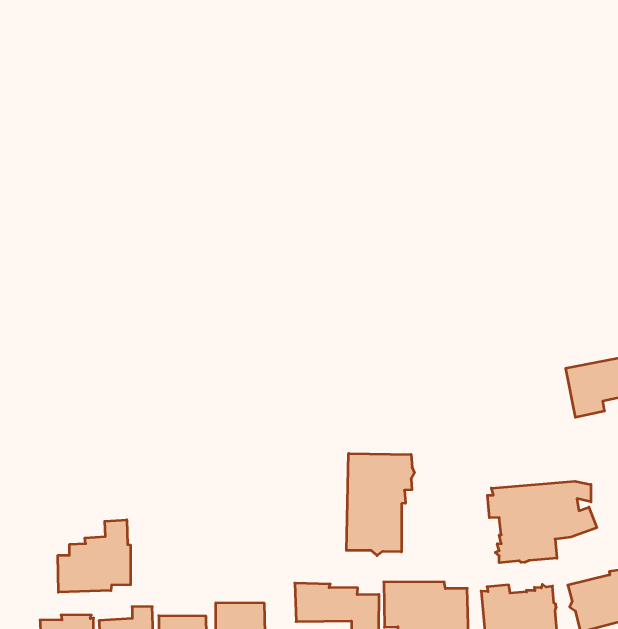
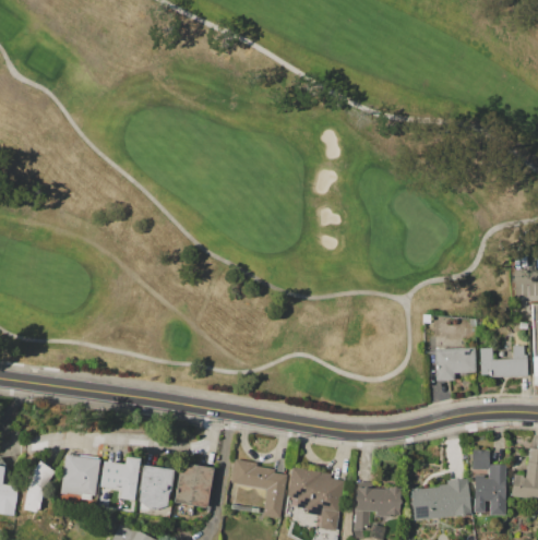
building: [346,453,414,556] -> none
building: [487,481,597,563] -> none
building: [58,520,131,592] -> none

